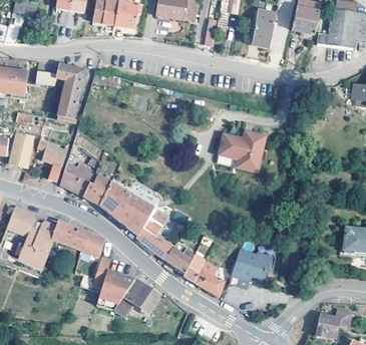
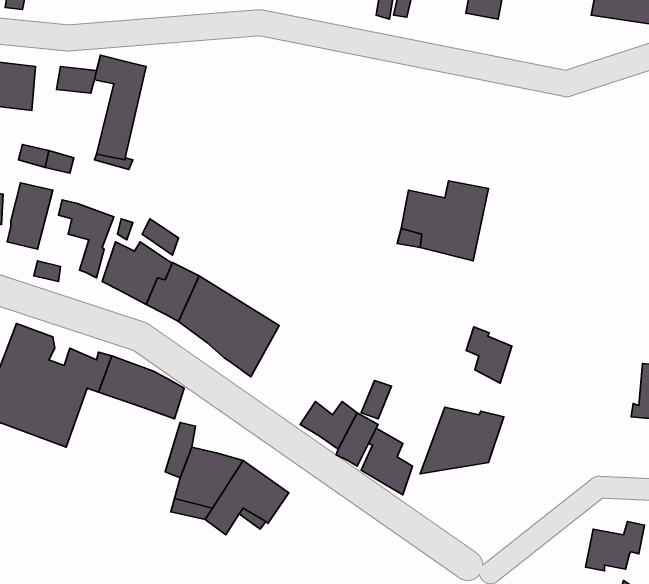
building: [136,207,174,259] -> none
building: none -> [466,327,512,383]

